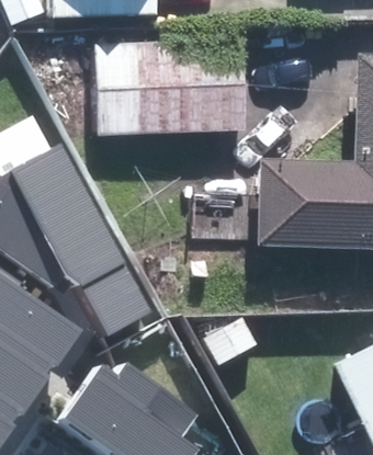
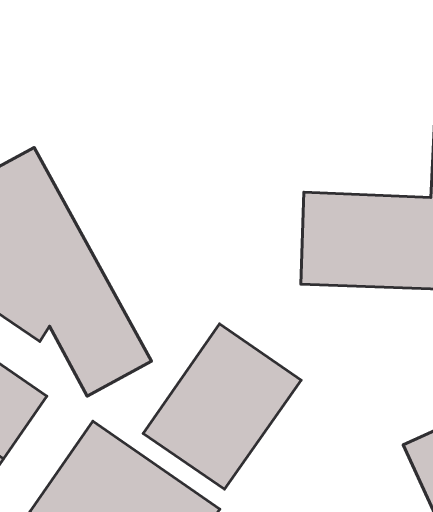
building: [99,47,231,132] -> none
building: none -> [143,324,301,489]

